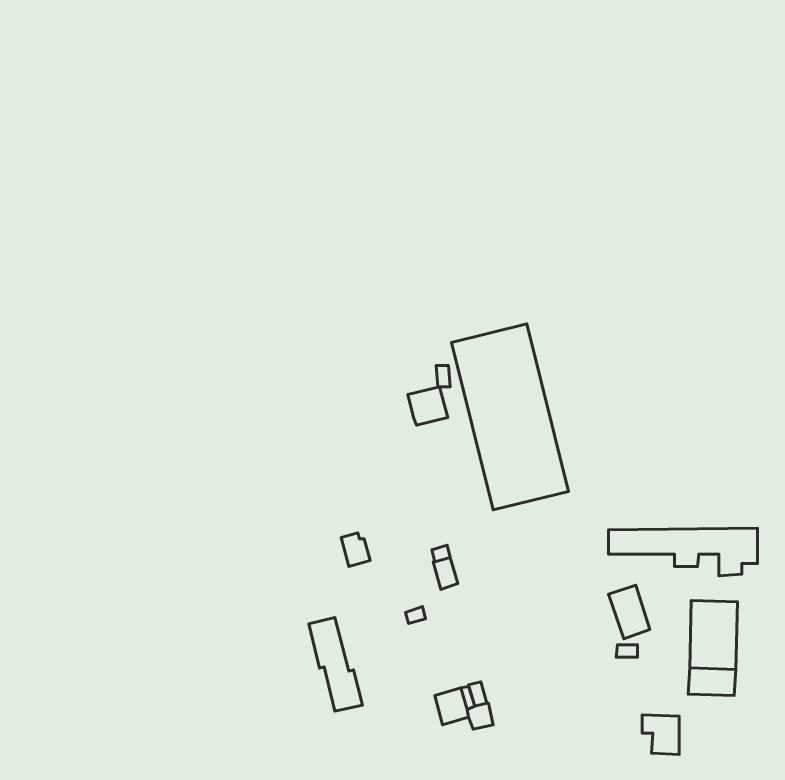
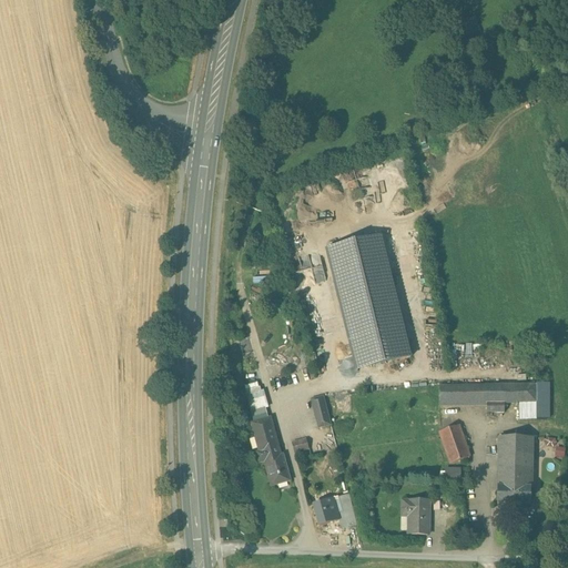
building: [408,387,448,425] -> none
building: [309,618,363,711] -> [252,416,291,484]
building: [642,715,679,755] -> [402,497,428,526]

